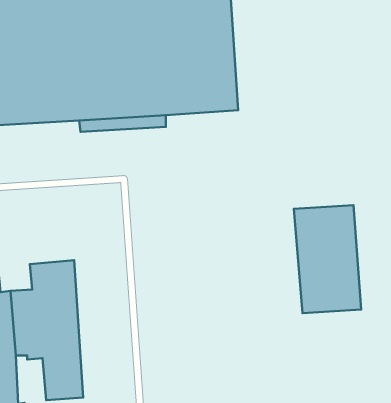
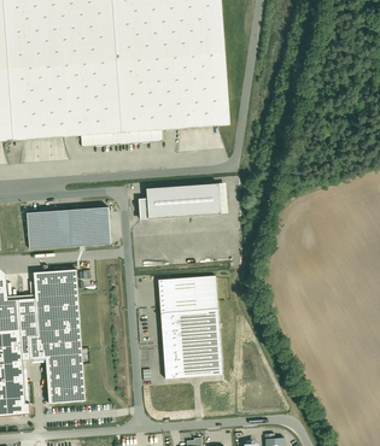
building: none -> [139,182,220,217]
building: none -> [25,205,111,248]
building: [294,205,361,313] -> [157,275,221,377]

